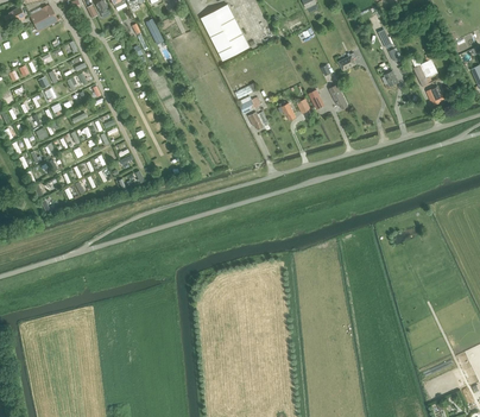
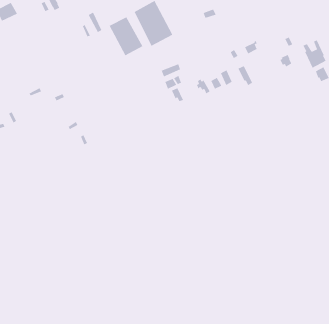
building: none -> [109,16,143,56]

